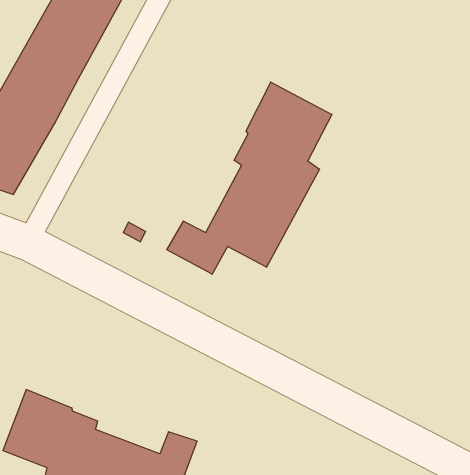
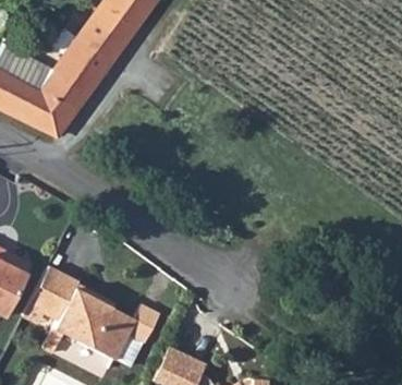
building: [167,82,332,274] -> none

